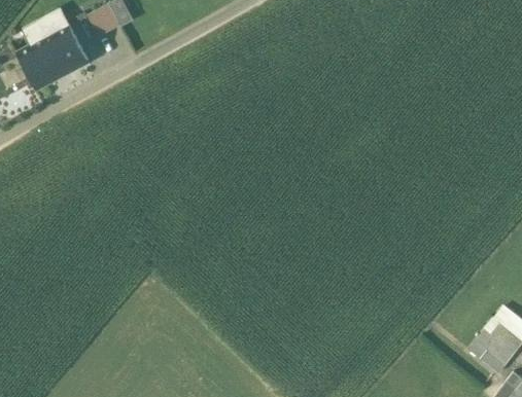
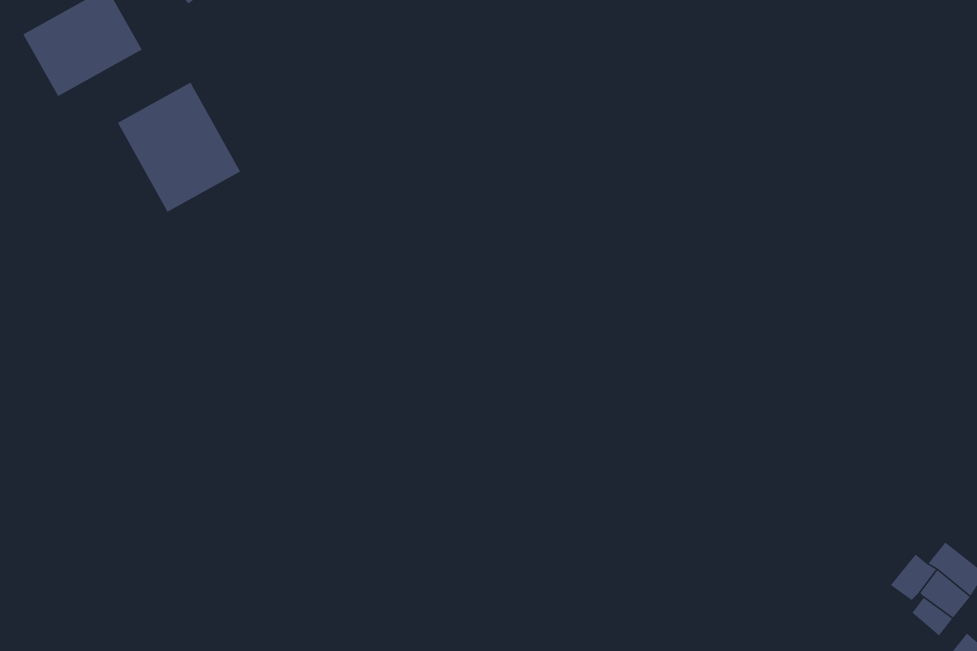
building: none -> [117,82,241,213]

